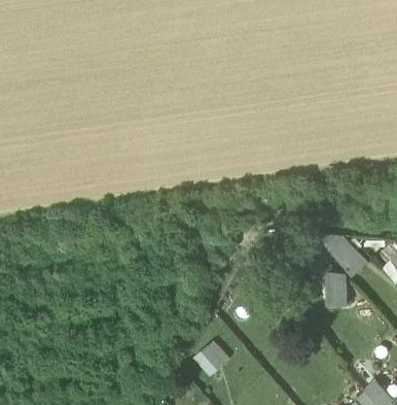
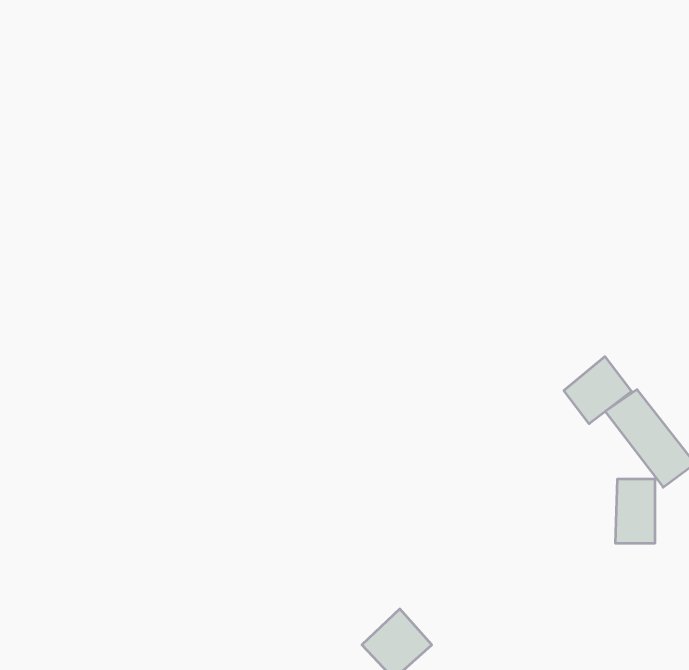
building: none -> [564,357,632,424]

